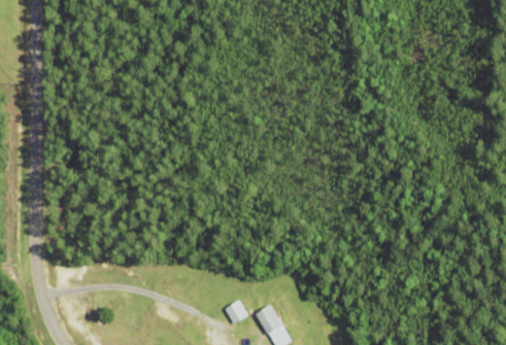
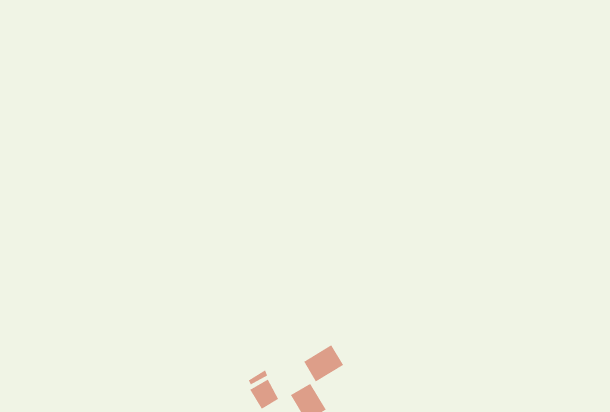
building: none -> [303,344,344,382]

